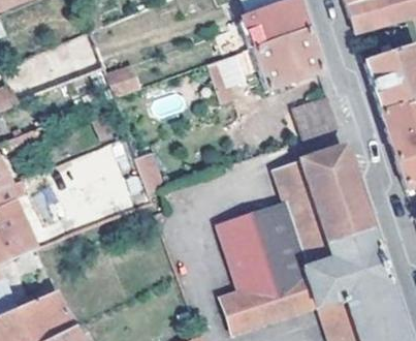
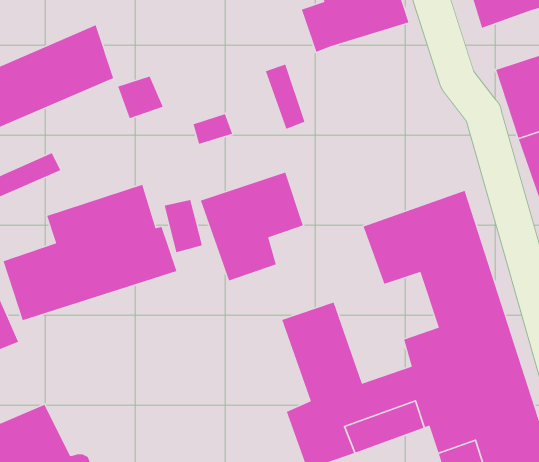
building: [251,29,319,89] -> none
building: [292,95,338,141] -> none
building: [253,200,324,276] -> [200,172,304,282]

